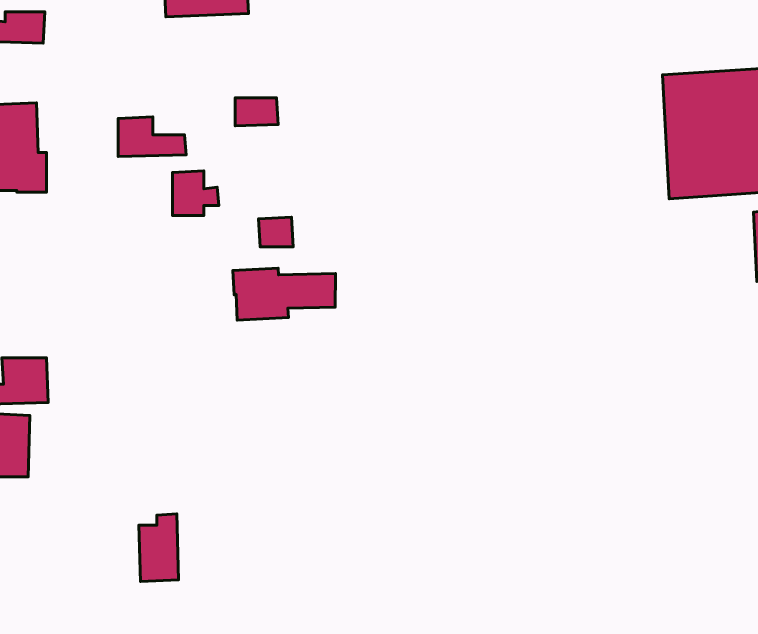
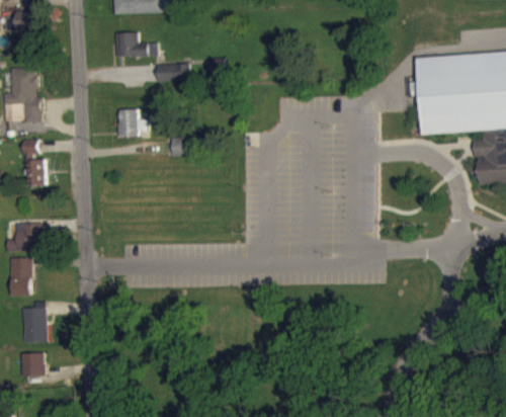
building: [118,117,186,157] -> [116,33,158,58]
building: none -> [25,141,44,187]
building: [233,268,336,320] -> none
building: [139,514,179,582] -> [22,303,47,344]
building: none -> [21,354,45,378]

